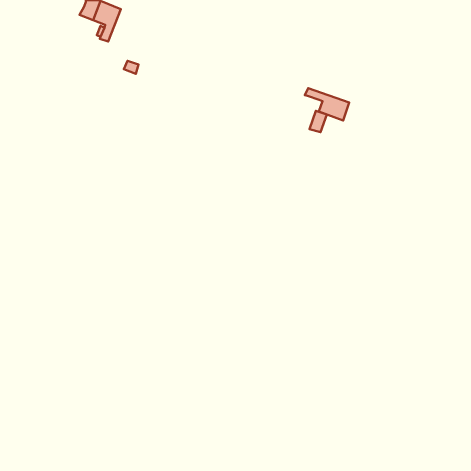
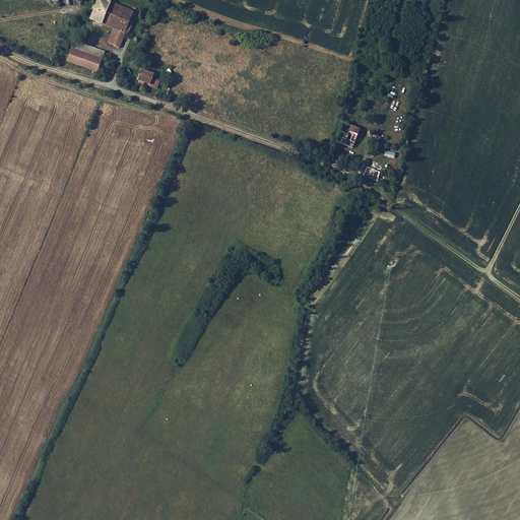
building: none -> [67,41,103,70]
building: [305,88,349,120] -> none

